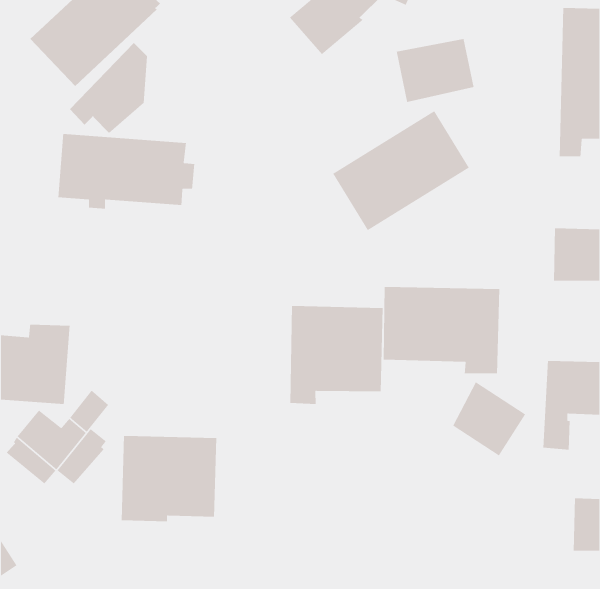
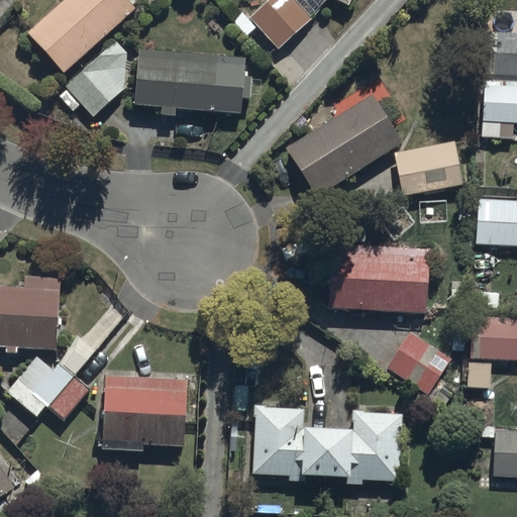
building: [396,38,475,103] -> [395,139,462,195]
building: [58,133,195,209] -> [134,50,252,116]
building: [289,305,384,405] -> none
building: none -> [253,407,402,484]

